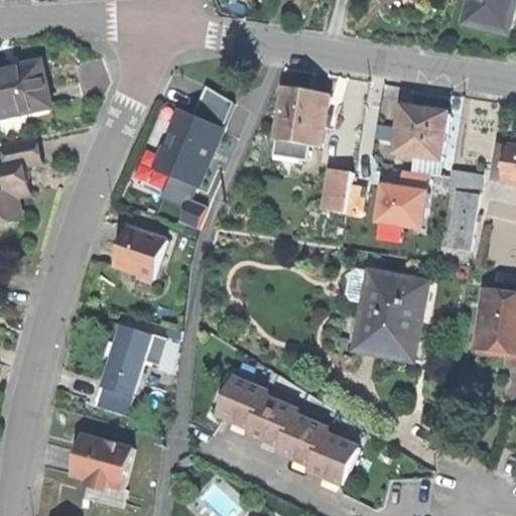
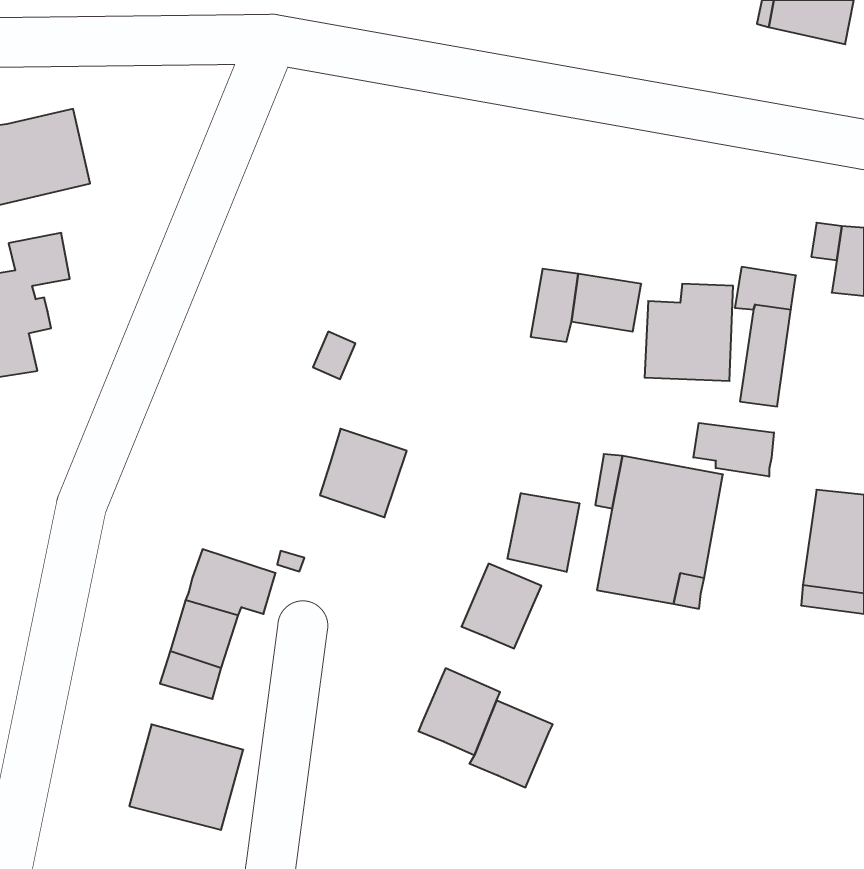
building: [273,84,328,153] -> none
building: [136,88,234,189] -> none
building: [386,96,438,166] -> none
building: [116,227,167,279] -> [320,429,407,517]
building: none -> [693,423,774,477]
building: none -> [507,493,579,572]
building: [219,378,266,428] -> [461,564,541,649]
building: [309,433,359,485] -> none

